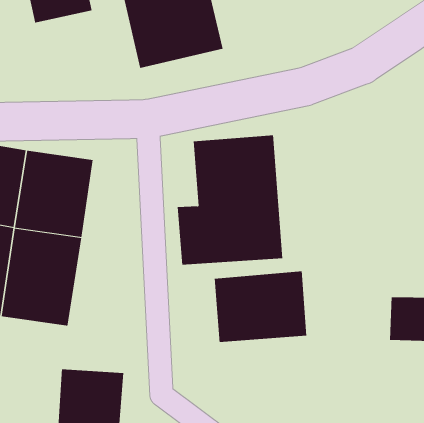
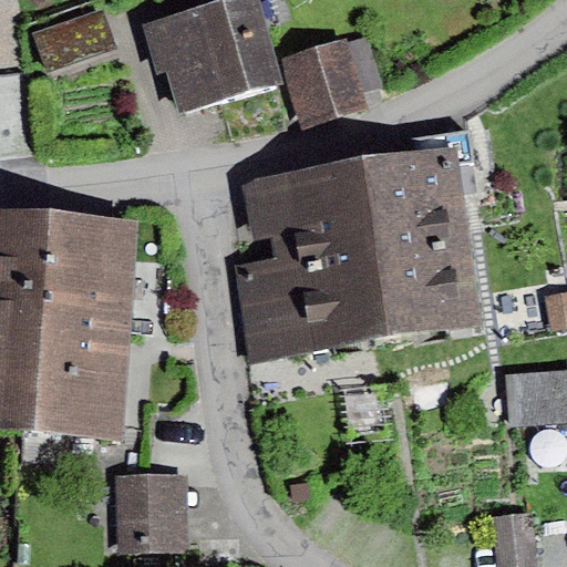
building: none -> [285,38,367,117]
building: none -> [352,164,477,330]
building: [214,271,307,343] -> none

